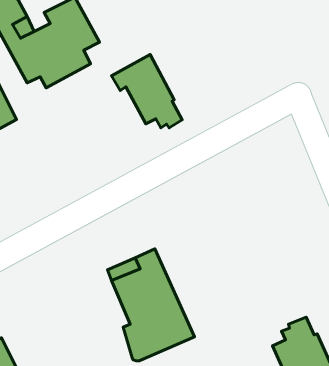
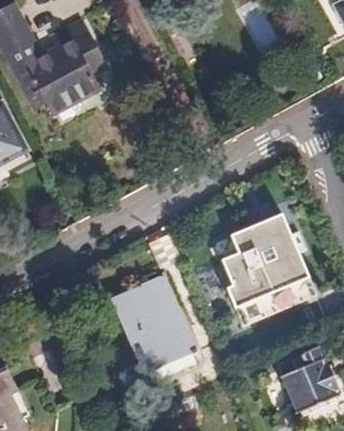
building: [112,54,182,128] -> none
building: none -> [219,211,310,324]

